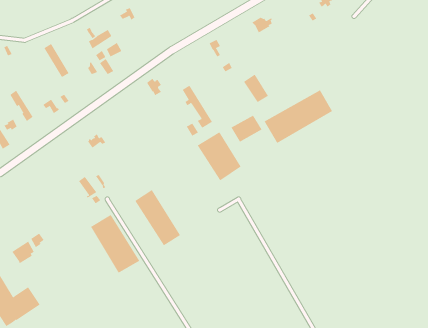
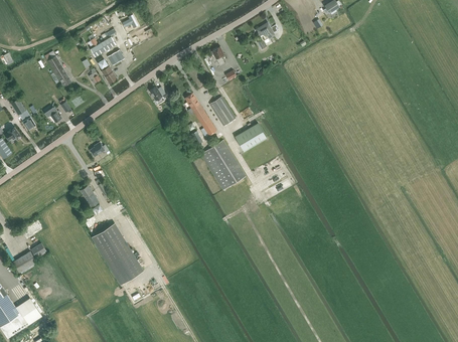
building: [243,74,269,103] -> [209,96,236,125]
building: [264,89,333,144] -> none
building: [135,189,181,246] -> none

